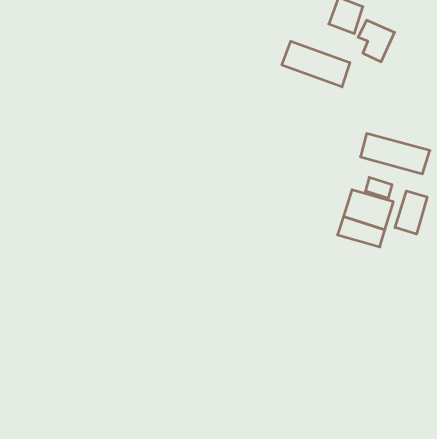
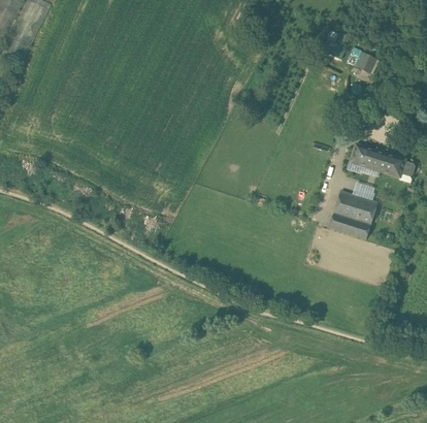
building: [282,41,350,87] -> none
building: [395,191,427,234] -> none

